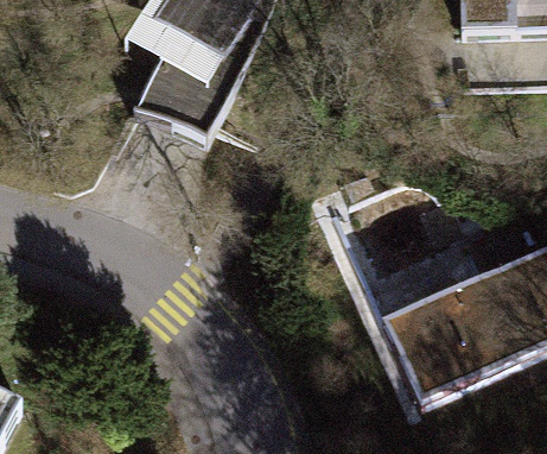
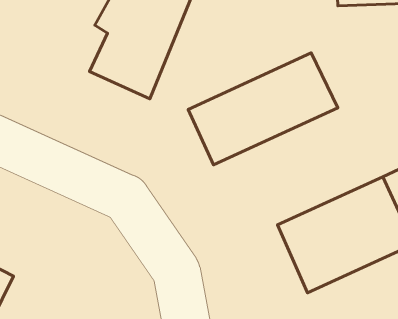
building: none -> [188,53,338,165]

